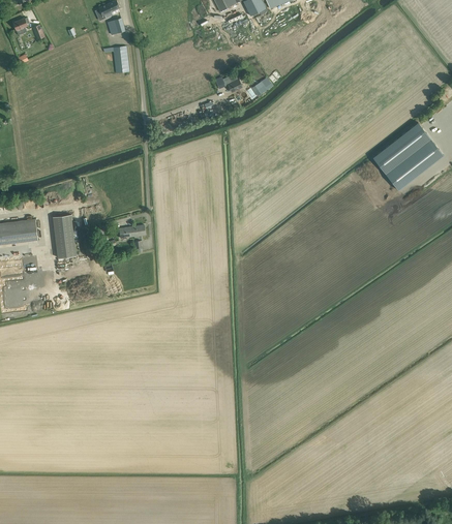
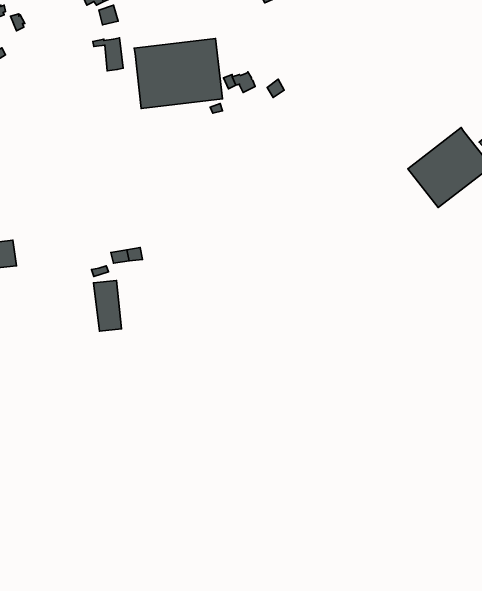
building: none -> [134,38,222,108]
building: [51,214,74,257] -> [93,280,121,331]

